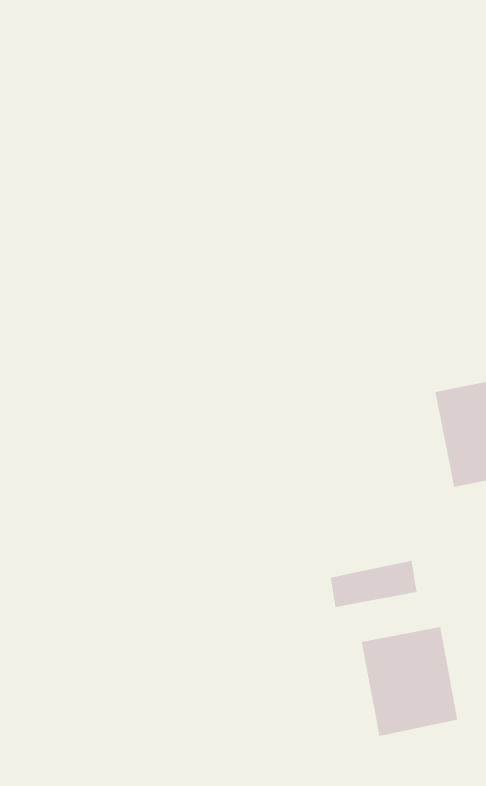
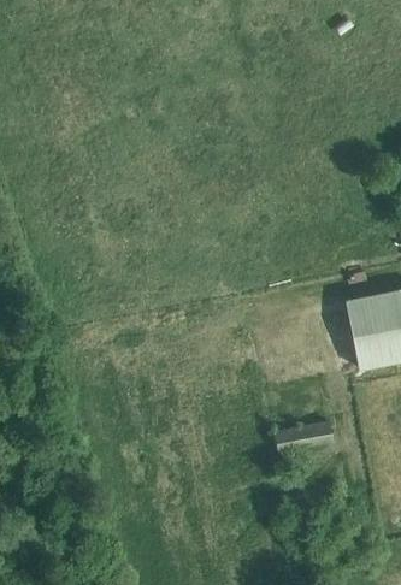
building: [361,626,458,737] -> none

